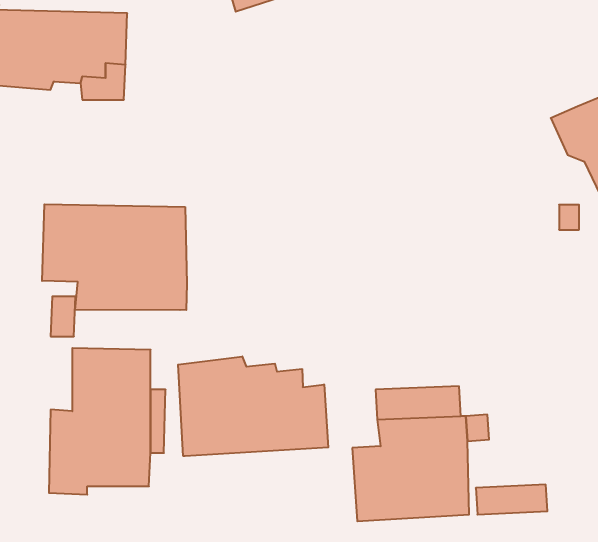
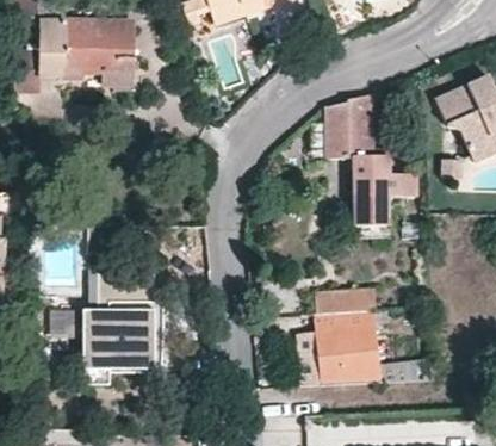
building: none -> [327,95,415,225]
building: [42,204,187,310] -> none
building: [178,356,328,456] -> none

